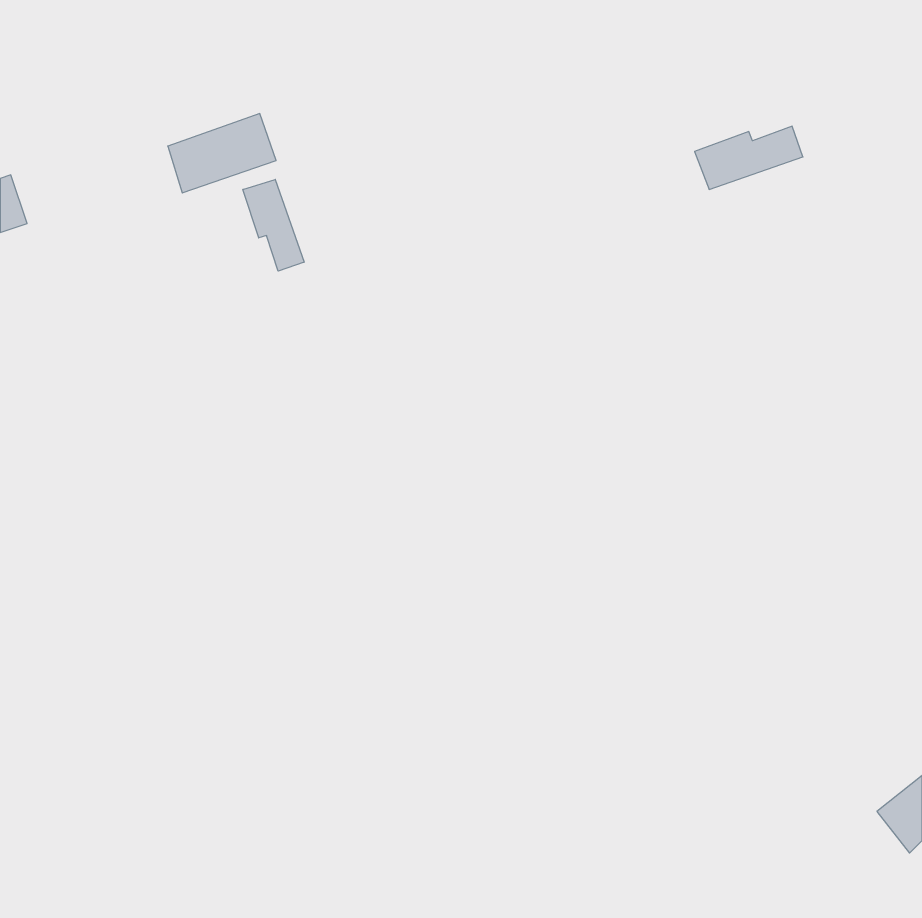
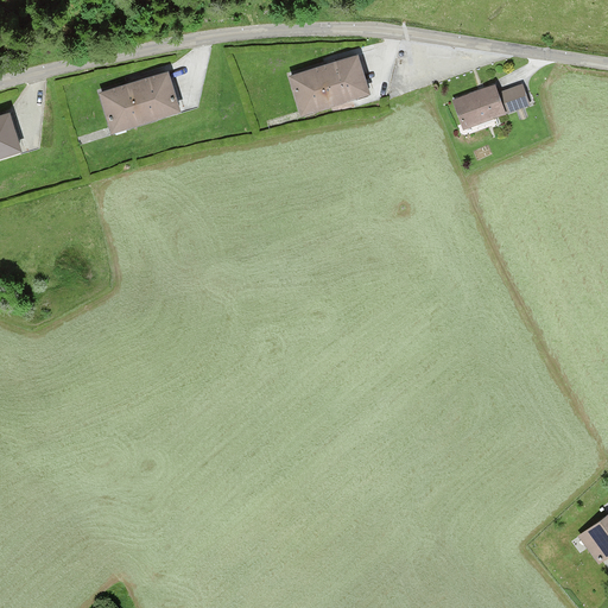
building: none -> [294,55,366,108]
building: [243,179,304,271] -> none

